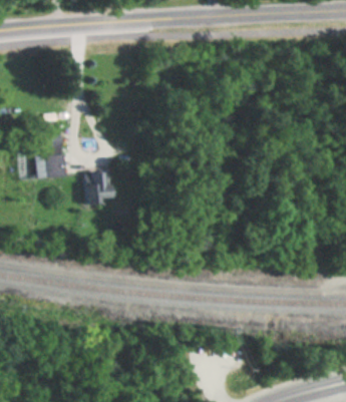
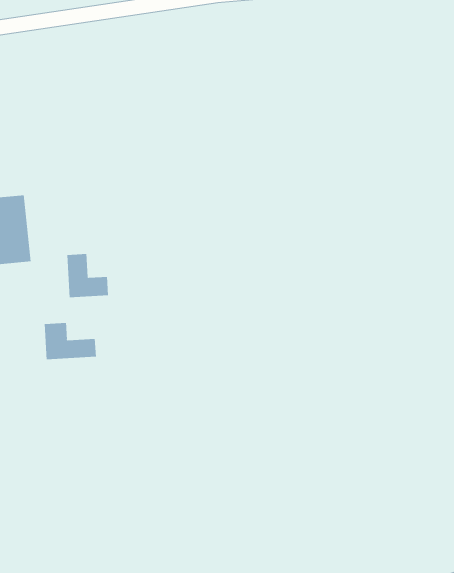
building: none -> [44,322,96,360]

